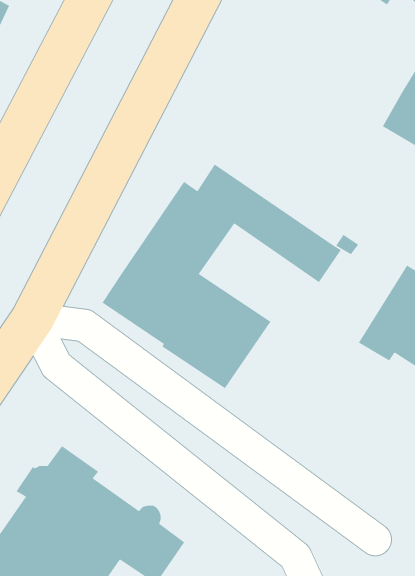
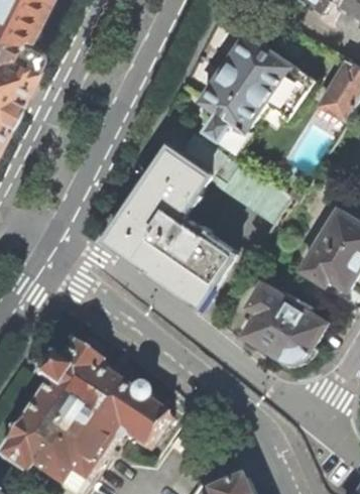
building: none -> [201,32,315,150]
building: none -> [244,282,327,360]

